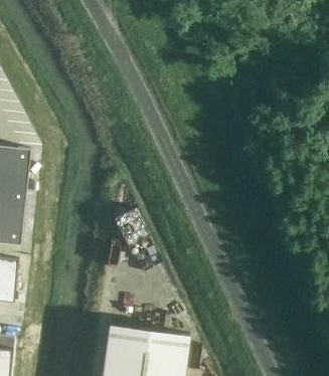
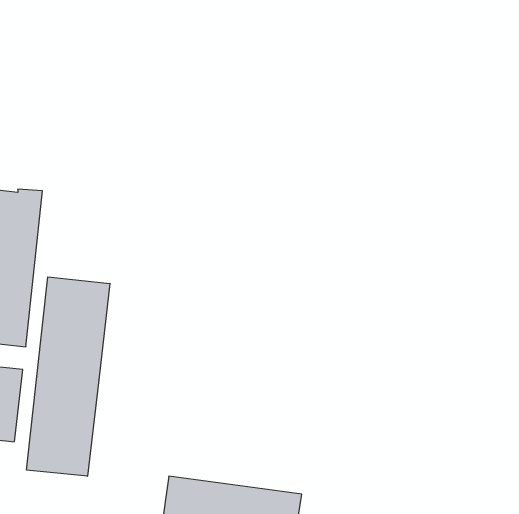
building: none -> [27,277,110,476]

